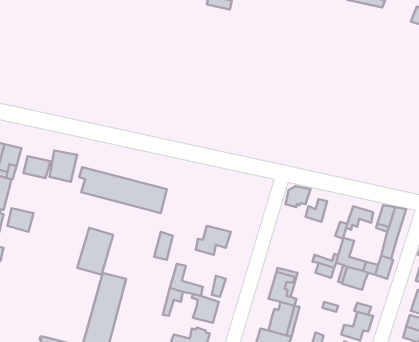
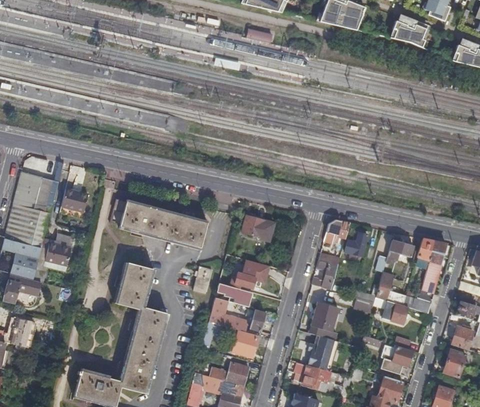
building: [50,151,77,182] -> none
building: none -> [242,216,274,241]
building: none -> [318,252,340,289]
building: none -> [218,283,250,306]

